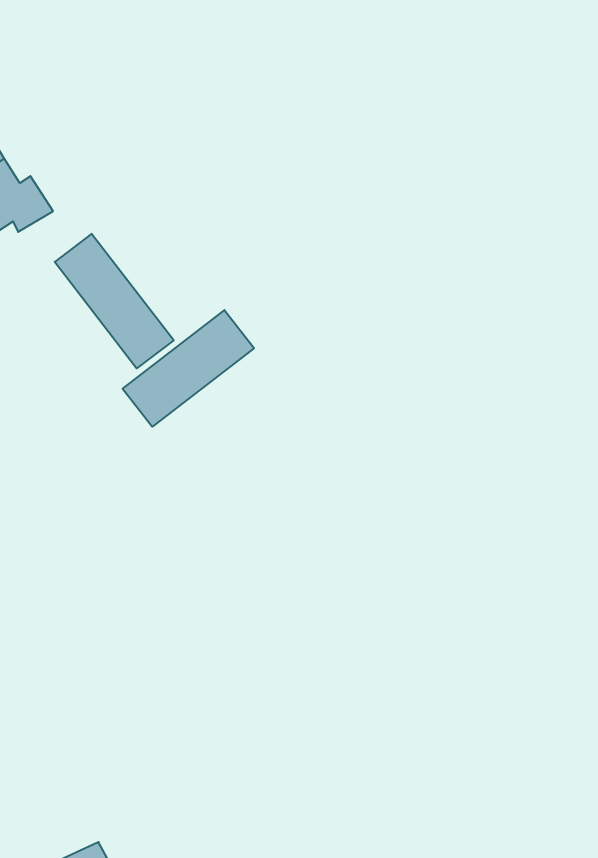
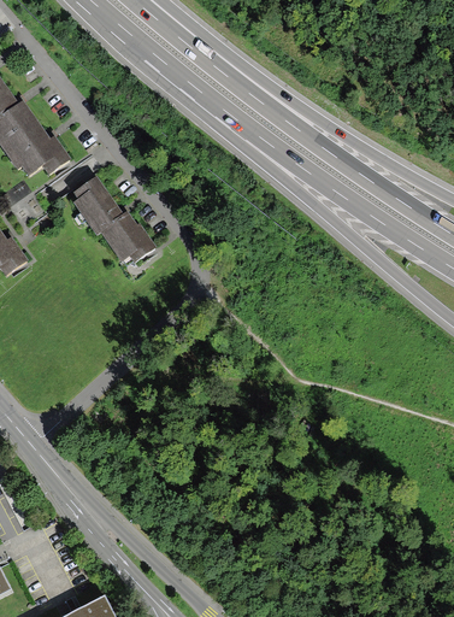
building: [123,310,254,427] -> none

